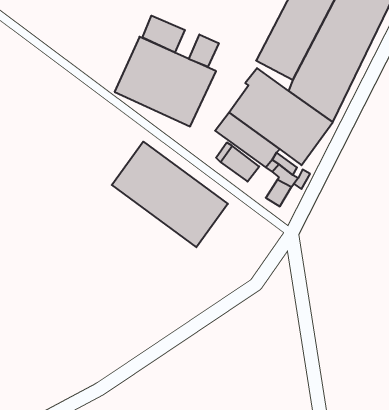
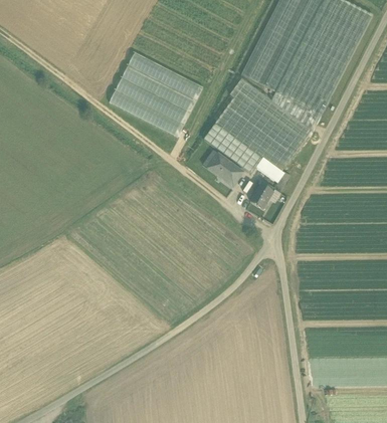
building: [142,16,185,53] -> none
building: [189,34,219,67] -> none
building: [112,142,228,247] -> none

